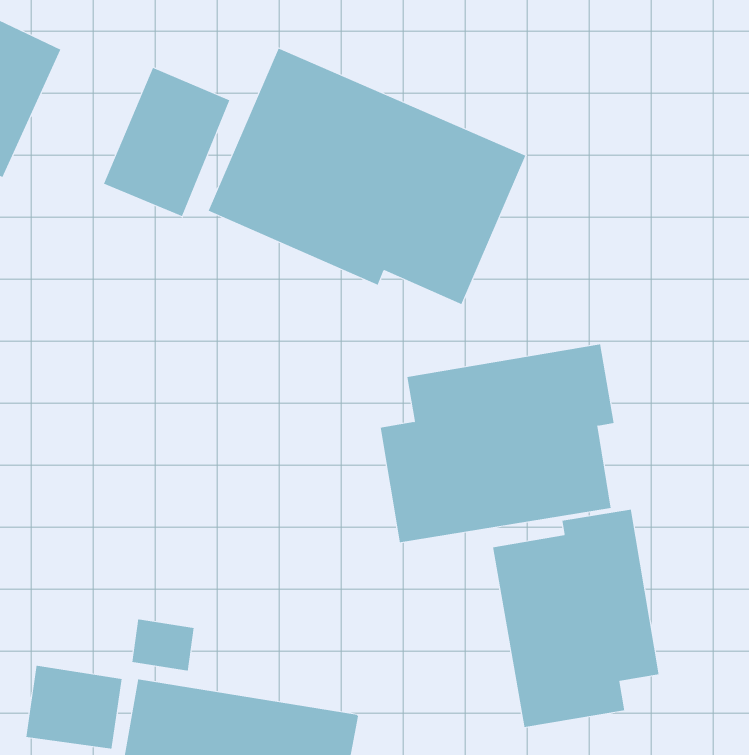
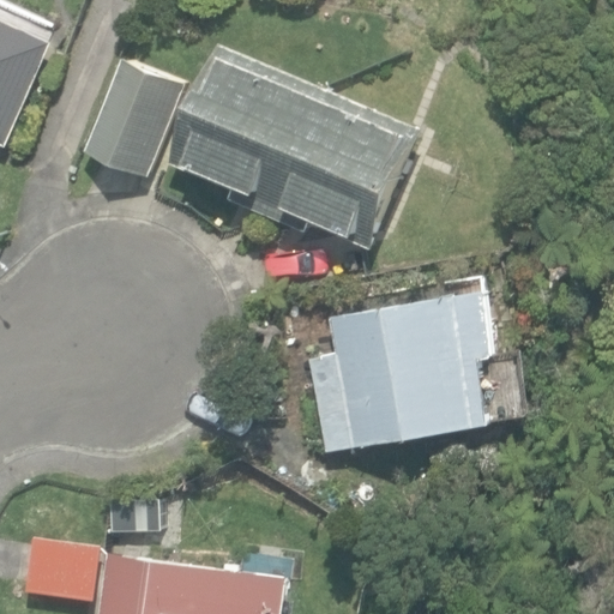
building: [492,509,659,728] -> none

